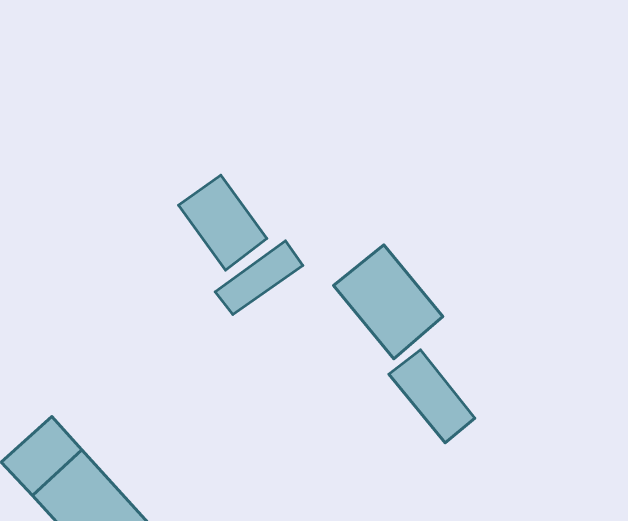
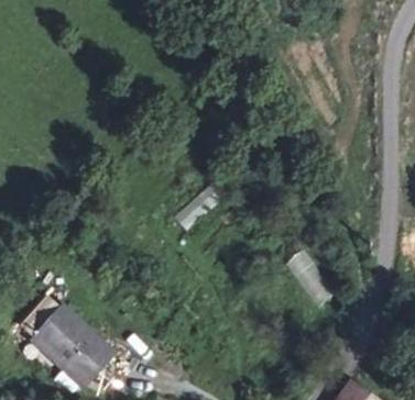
building: [179,175,267,270] -> none
building: [333,245,443,359] -> none

